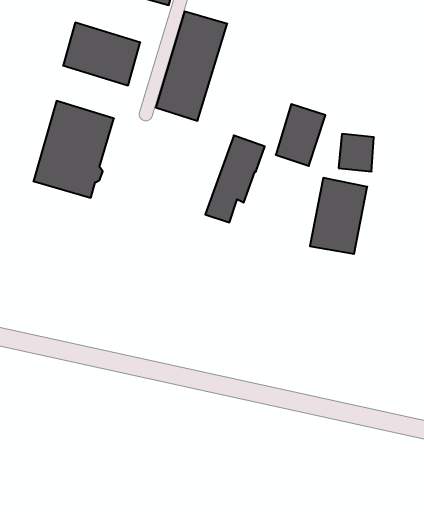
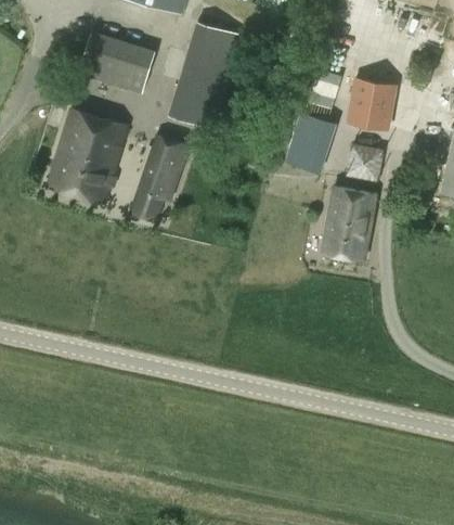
building: none -> [348,77,395,128]
building: [205,135,265,222] -> [131,135,190,220]

